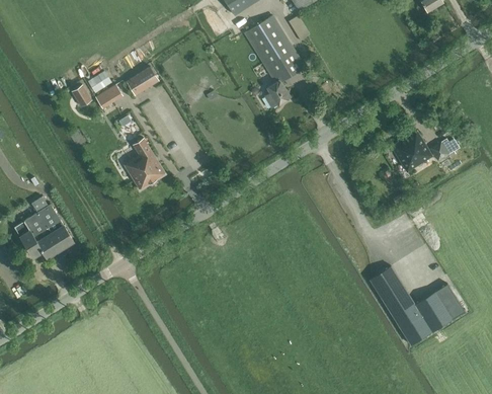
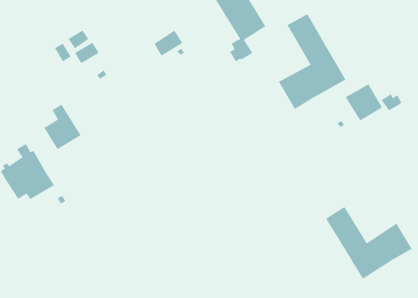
building: none -> [278,14,346,110]
building: [127,67,159,96] -> [154,30,183,57]
building: [125,139,166,189] -> [43,104,81,150]

